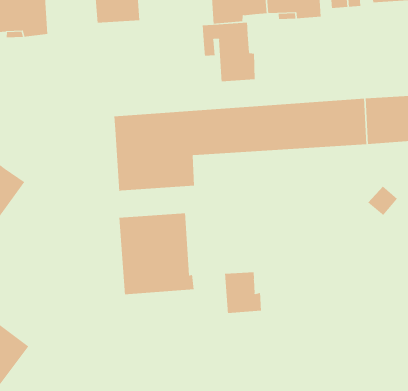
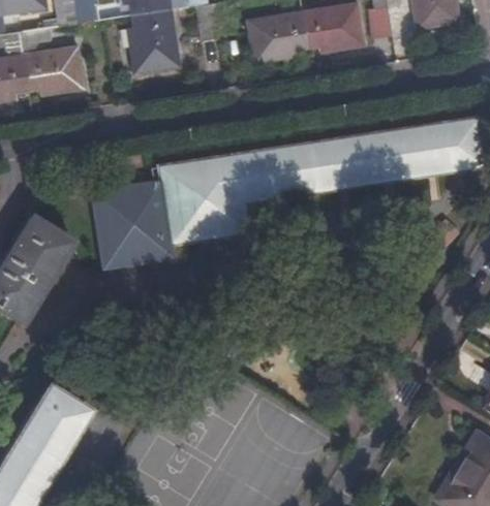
building: [202,22,255,82] -> none
building: [118,213,195,295] -> [91,181,176,271]
building: [225,271,262,314] -> none

